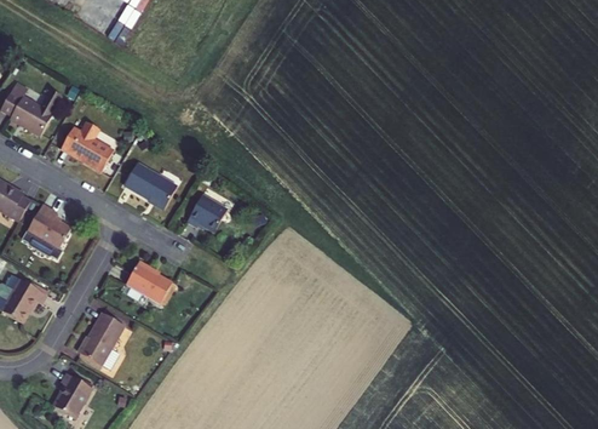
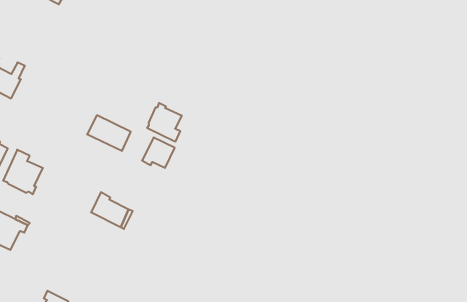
building: [62,124,115,175] -> none
building: none -> [147,103,182,142]
building: [76,311,121,368] -> none

